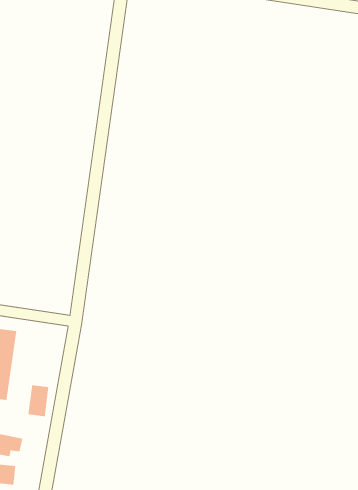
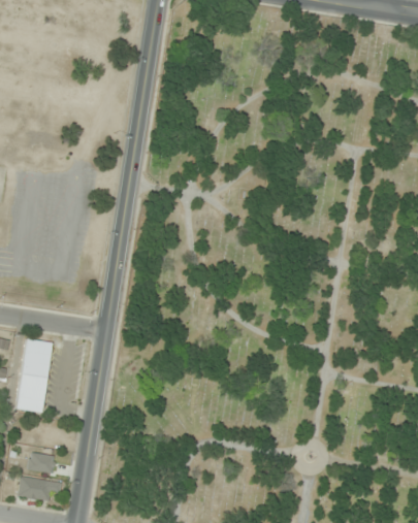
building: [28,384,49,417] -> none

